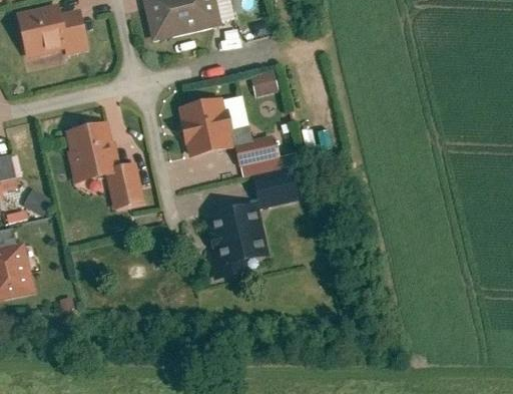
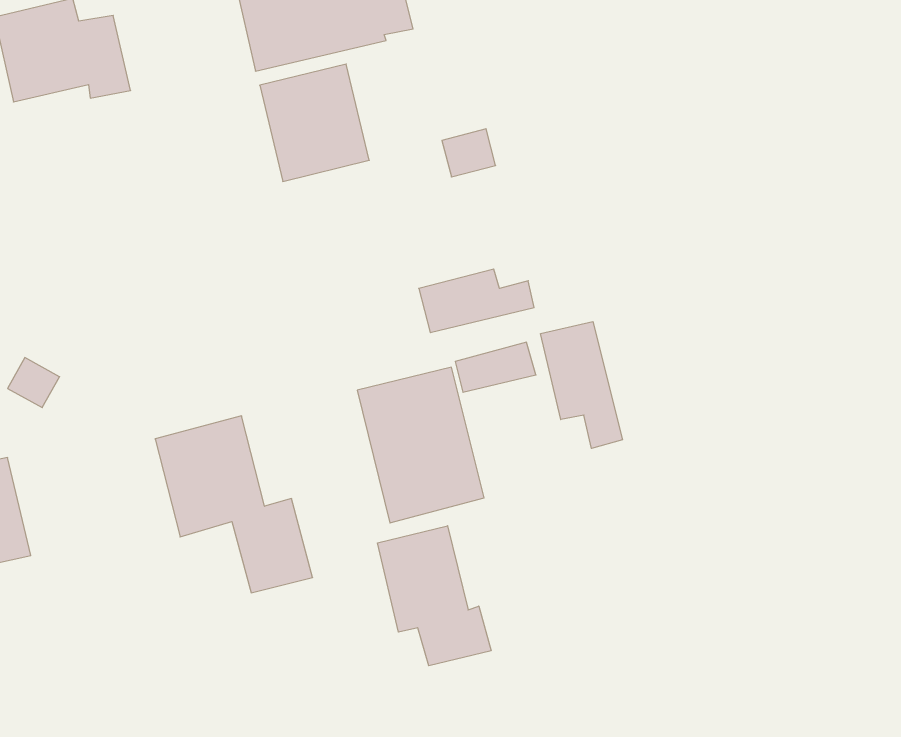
building: [177,95,234,156] -> [260,64,369,181]
building: [63,118,145,211] -> [155,416,313,593]
building: none -> [541,322,623,448]
building: none -> [378,526,491,666]

